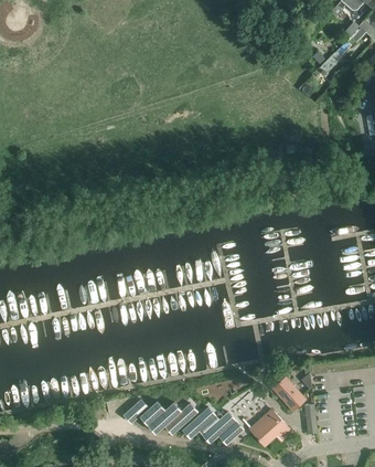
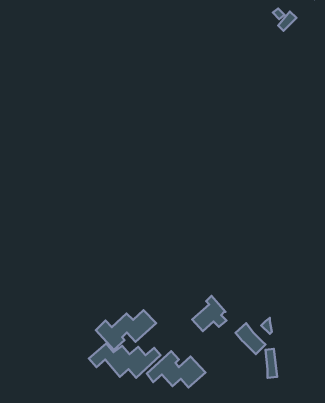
building: none -> [96,310,156,350]
building: [251,408,287,445] -> [192,296,226,331]

